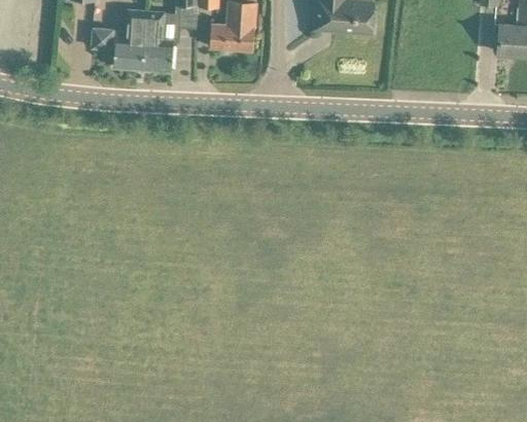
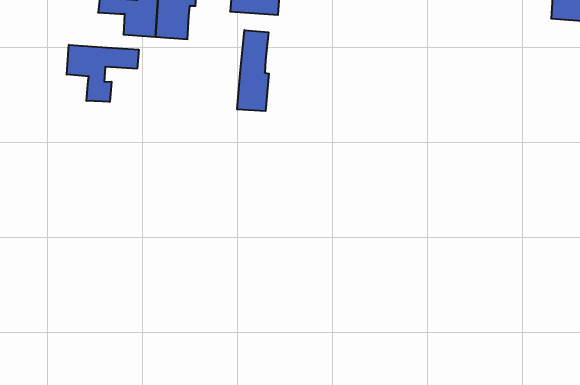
building: none -> [237,30,269,111]
building: none -> [67,45,139,102]

